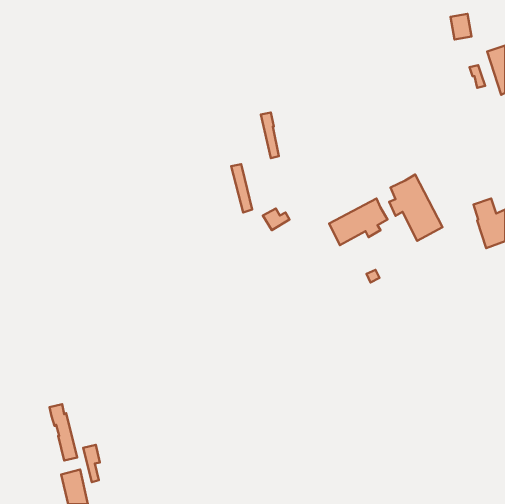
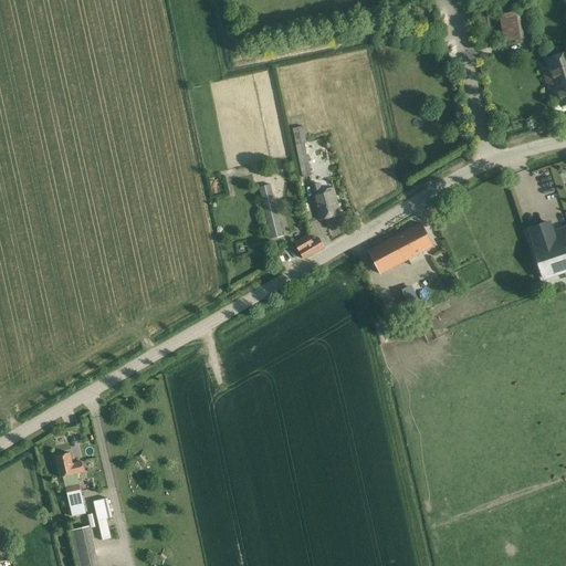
building: none -> [311,182,340,219]
building: [389,175,443,241] -> none

